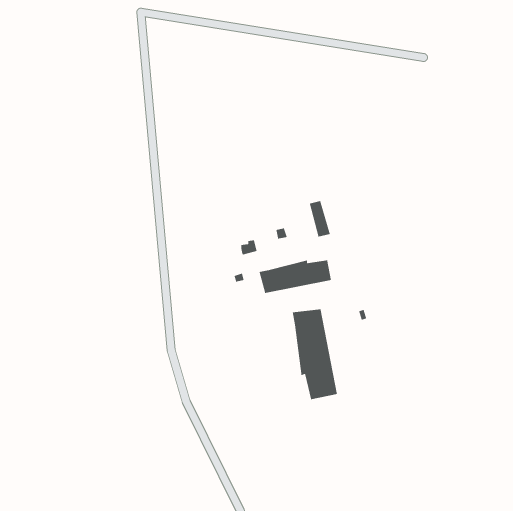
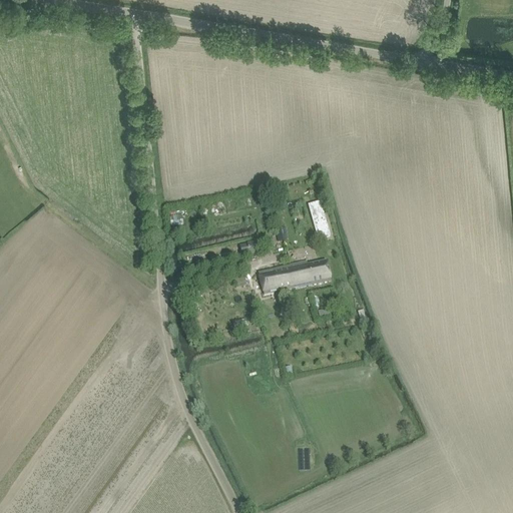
building: [292,308,338,400] -> none

